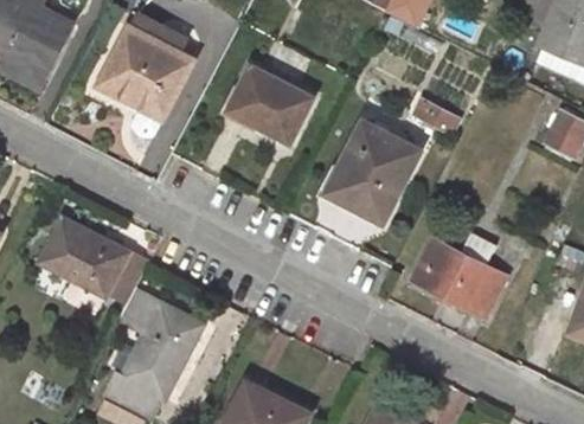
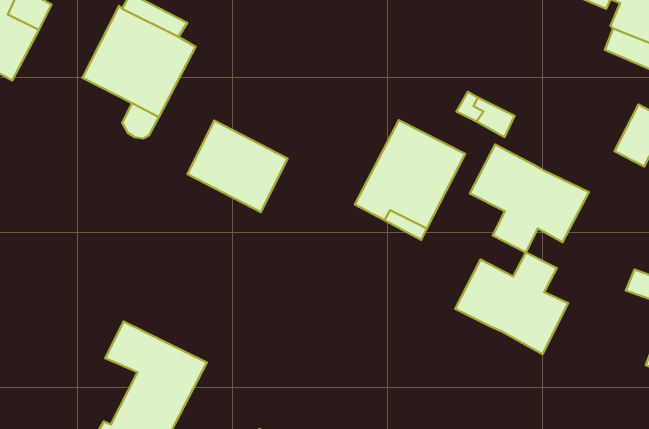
building: [227,65,312,142] -> [187,120,288,212]
building: none -> [470,144,589,253]
building: [40,220,147,311] -> none

